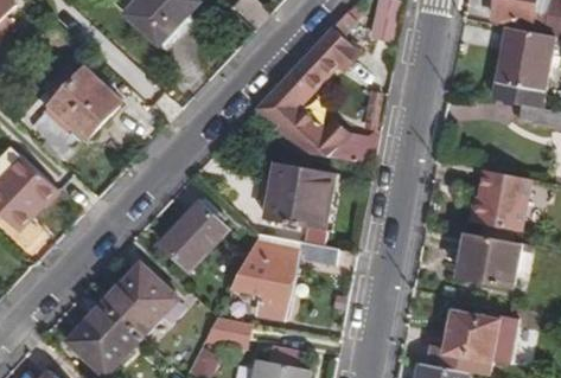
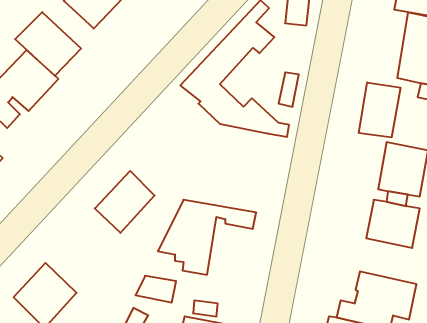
building: none -> [15,12,81,76]
building: none -> [359,82,400,137]
building: [259,162,332,231] -> none
building: [104,265,173,337] -> none

